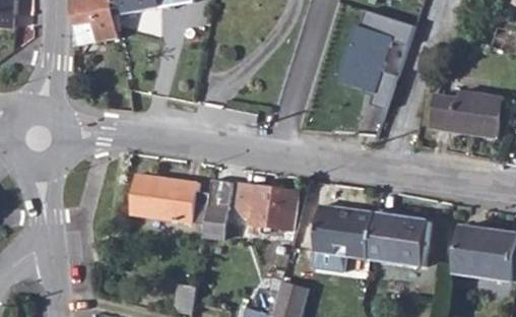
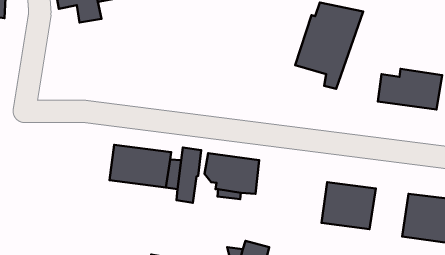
building: [314,207,374,261] -> none

